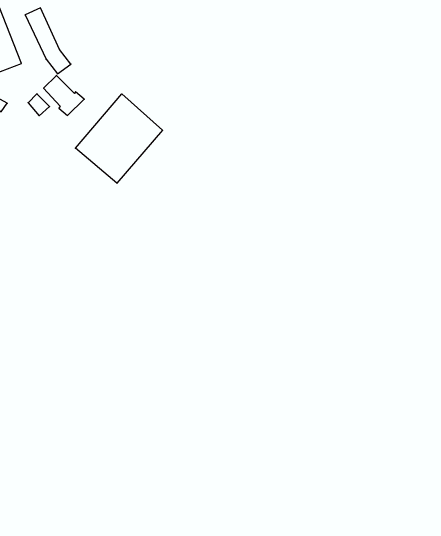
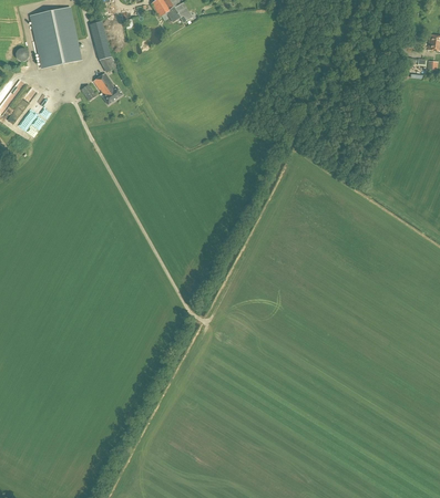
building: [75,94,163,183] -> none

